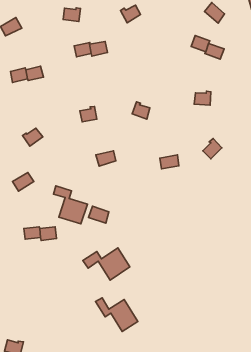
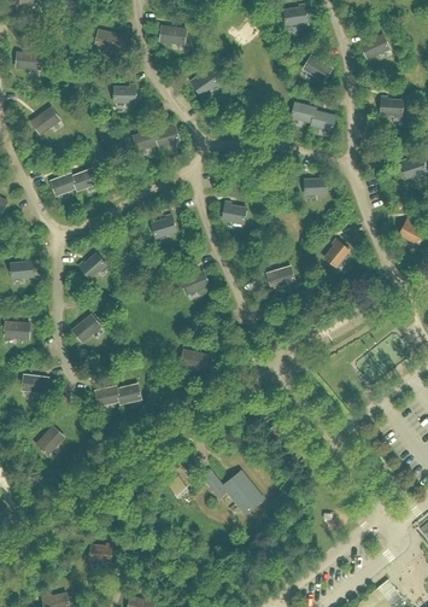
building: [54,186,87,224] -> none
building: [83,248,130,280] -> none

